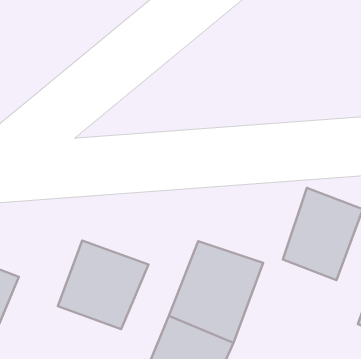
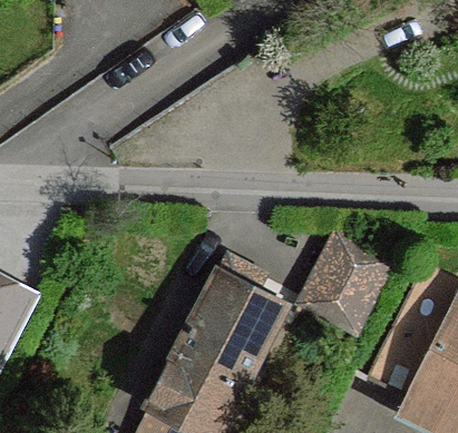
building: [58,240,148,329] -> none

